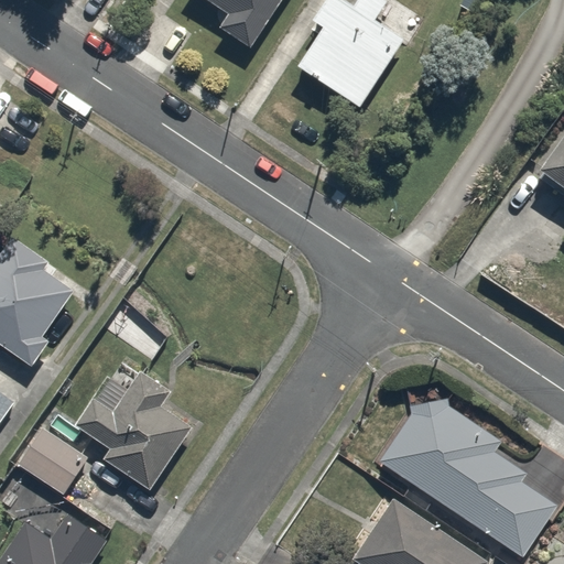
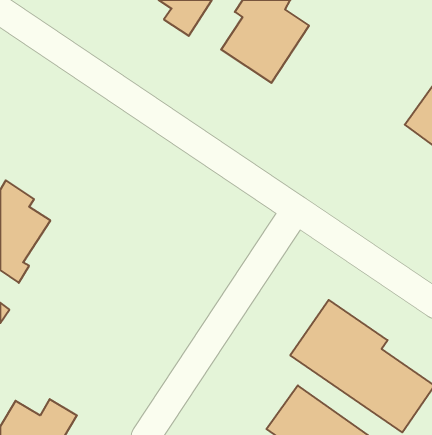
building: [73,364,192,489] -> none
building: [21,430,94,494] -> none

